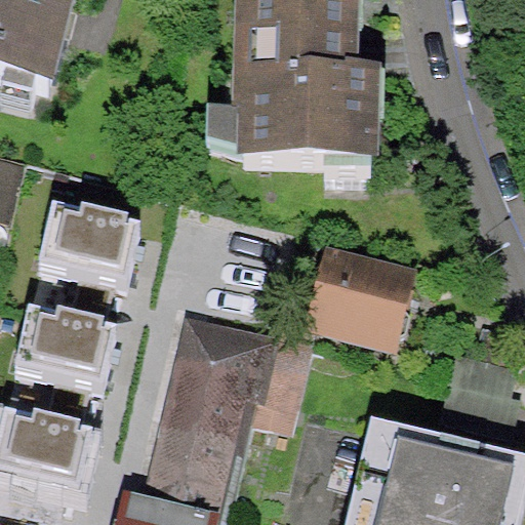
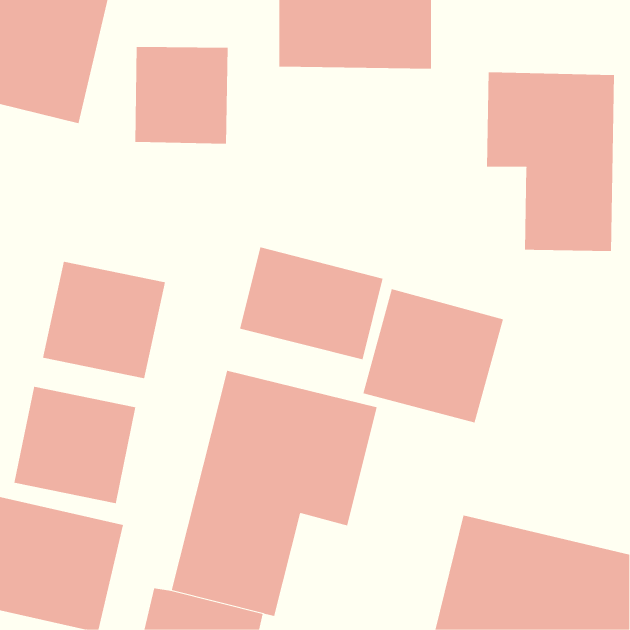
building: none -> [135,46,228,145]
building: [202,55,378,152] -> none
building: none -> [486,72,614,252]
building: none -> [239,247,383,360]

